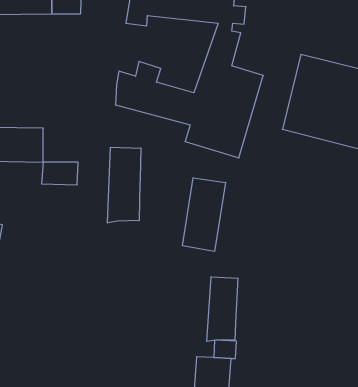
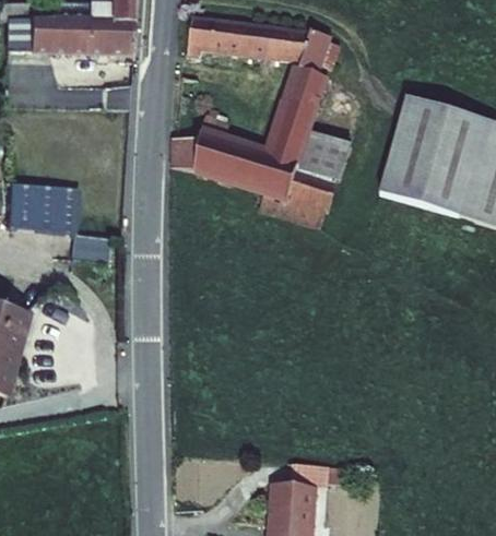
building: [108,147,141,223] -> none
building: [183,178,225,251] -> none
building: [207,277,238,341] -> none

